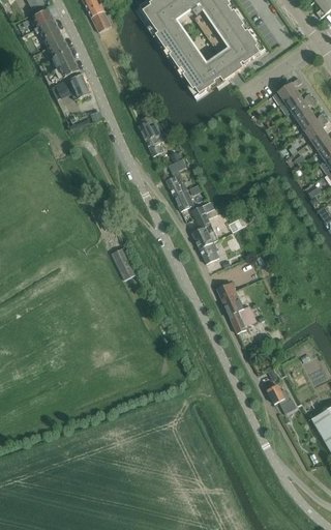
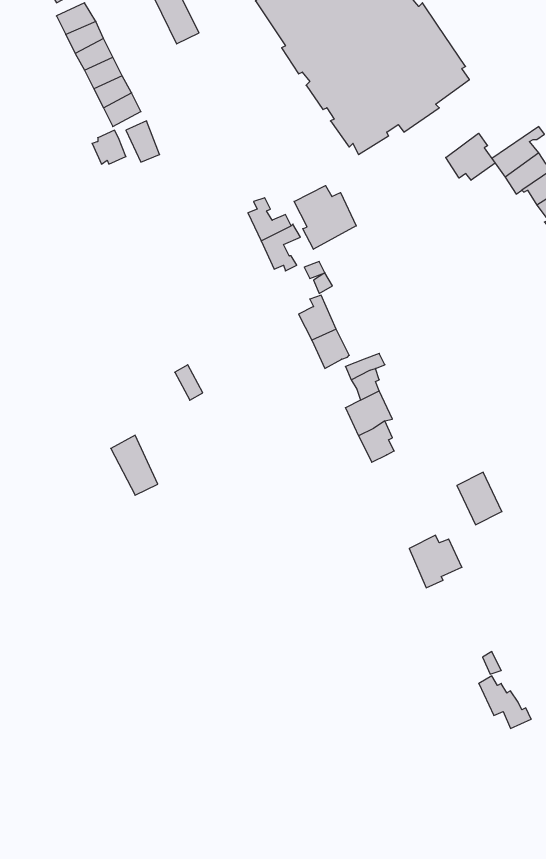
building: none -> [446,133,495,180]
building: none -> [294,186,356,249]
building: [111,245,137,278] -> [111,435,158,495]
building: [216,281,241,310] -> [457,472,502,525]

